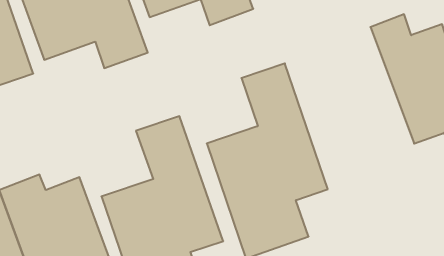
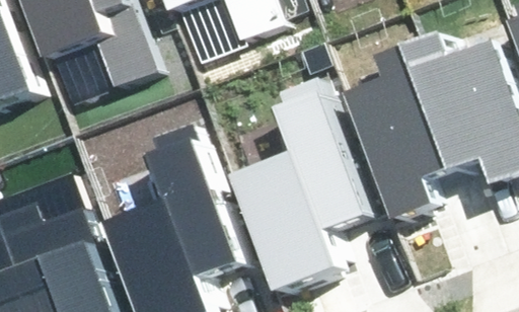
building: none -> [354,40,464,220]

